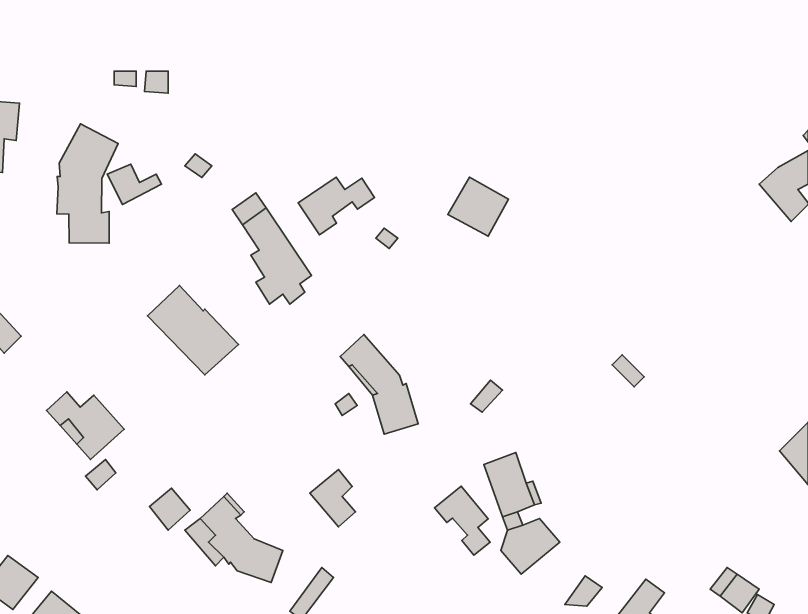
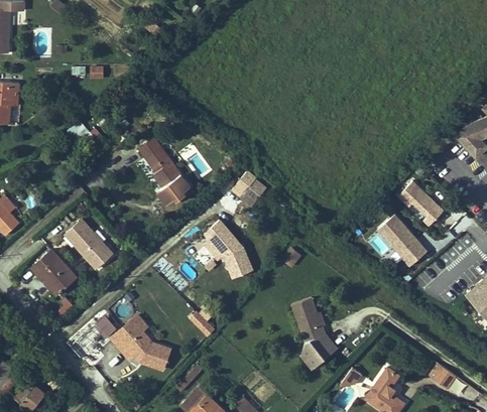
building: [57,124,118,243] -> none
building: [298,177,375,235] -> none
building: [448,177,508,236] -> [231,171,267,207]
building: none -> [398,178,446,226]
building: [147,285,239,375] -> [63,217,117,270]
building: none -> [376,213,430,267]
building: [435,486,490,555] -> none

